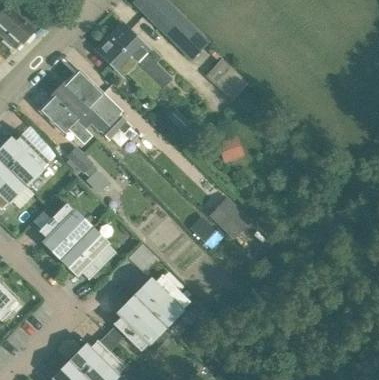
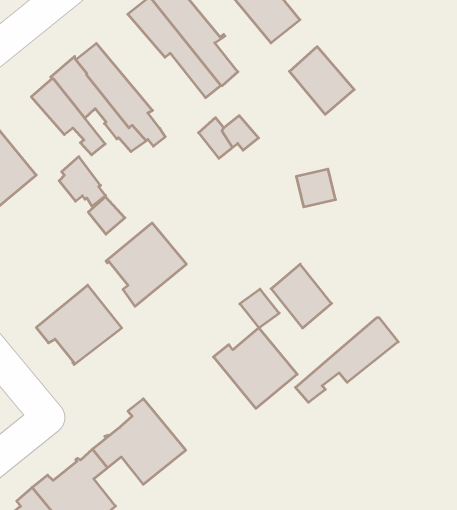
building: [38,203,90,258] -> [106,223,186,306]
building: none -> [295,318,398,402]
building: [134,274,189,326] -> [213,328,297,408]

